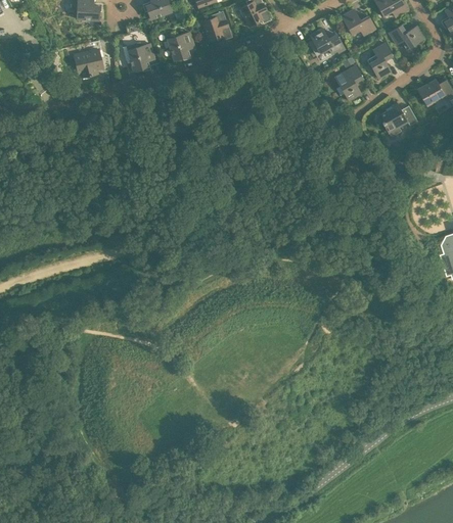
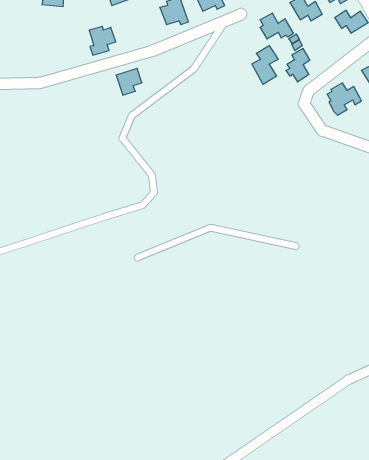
building: [167,32,194,60] -> [116,68,142,95]
building: [367,43,392,79] -> none
building: [74,49,110,78] -> none
building: none -> [252,46,278,84]

